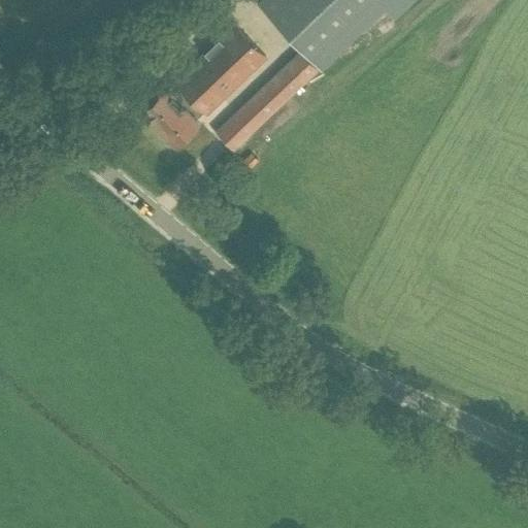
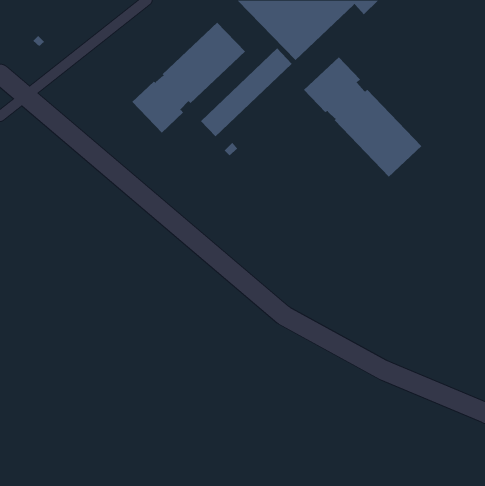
building: none -> [303,56,422,178]

